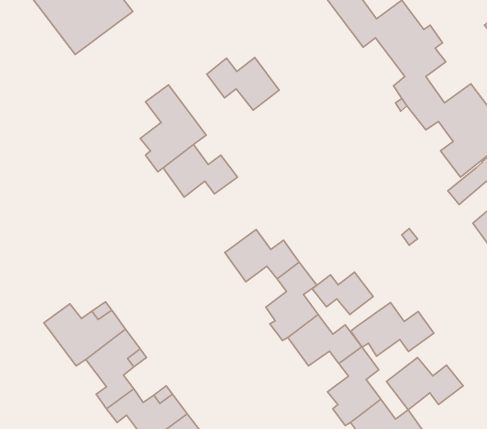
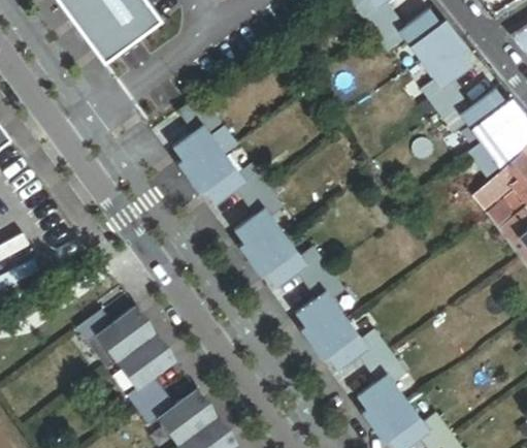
building: [207,57,279,110] -> none
building: none -> [233,184,286,262]
building: [312,272,373,315] -> none
building: [351,303,434,356] -> none
building: [387,358,463,410] -> none

